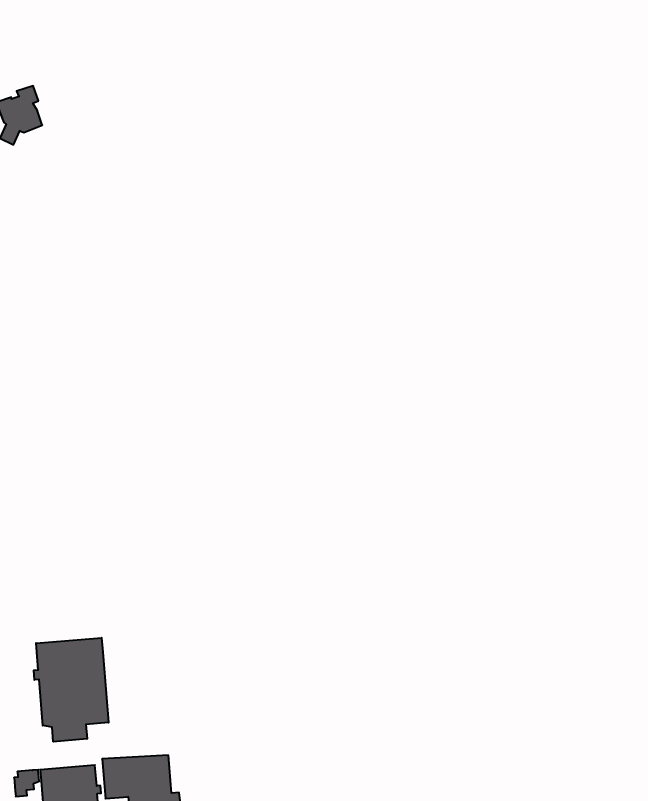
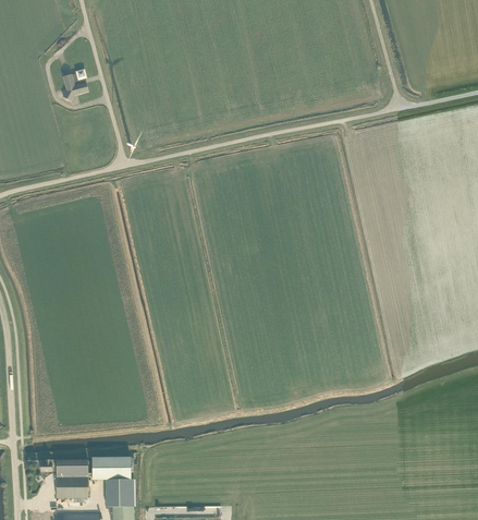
building: [34,638,109,742] -> none

